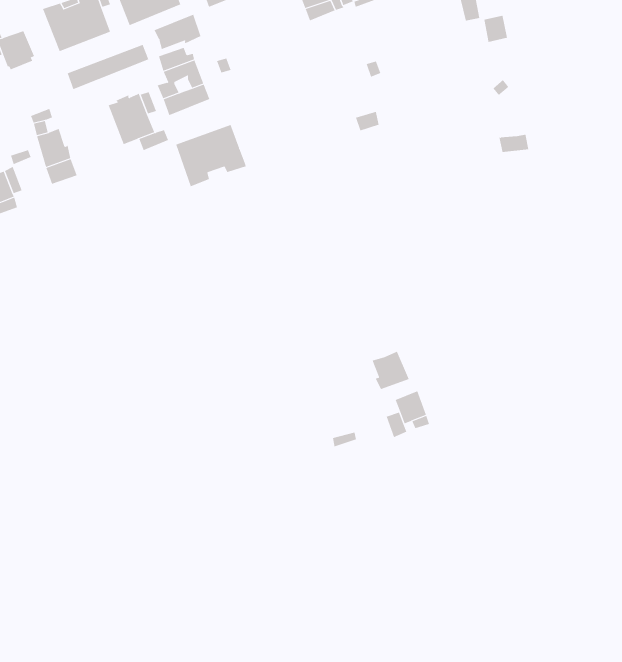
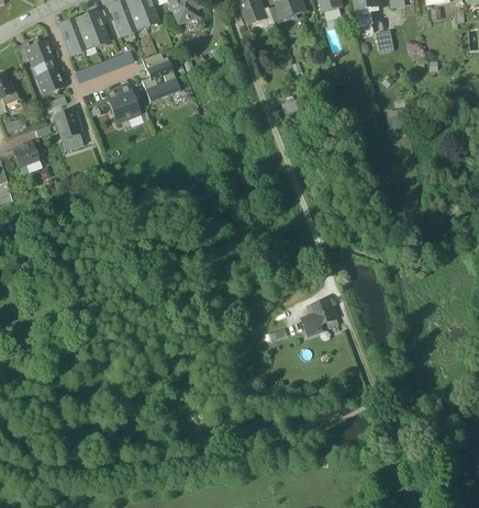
building: [154,14,201,50] -> none
building: none -> [35,61,63,94]
building: [176,124,247,187] -> none
building: [372,351,410,390] -> none

